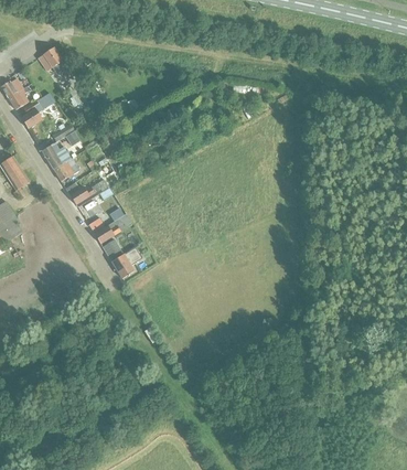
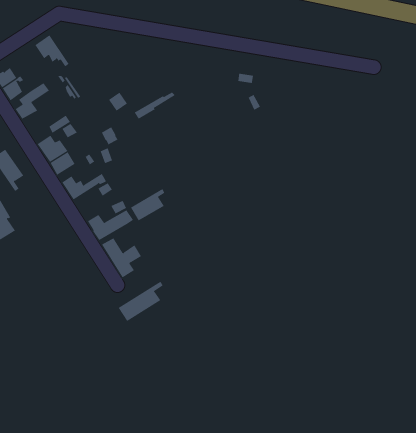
building: none -> [130,188,165,221]
building: none -> [118,281,163,322]

